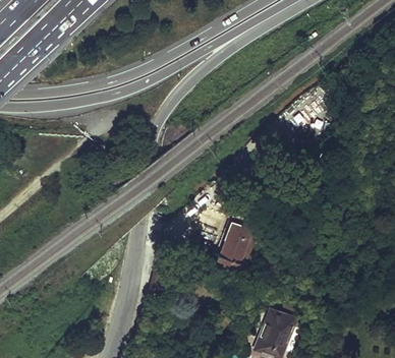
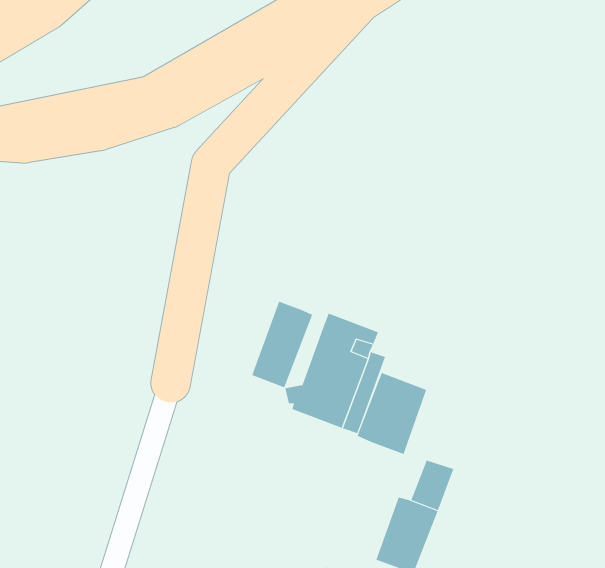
building: none -> [252,301,313,388]
building: none -> [357,372,427,455]

